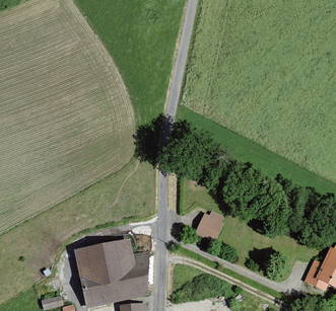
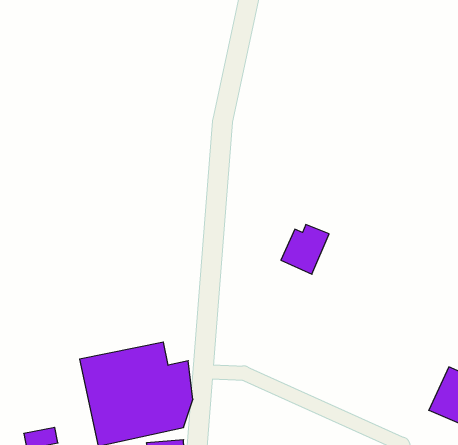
building: [194,210,225,242] -> [281,225,329,274]

